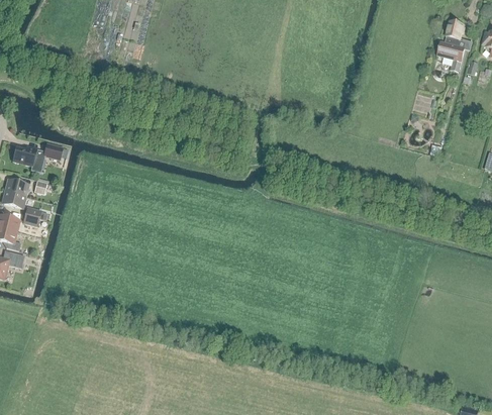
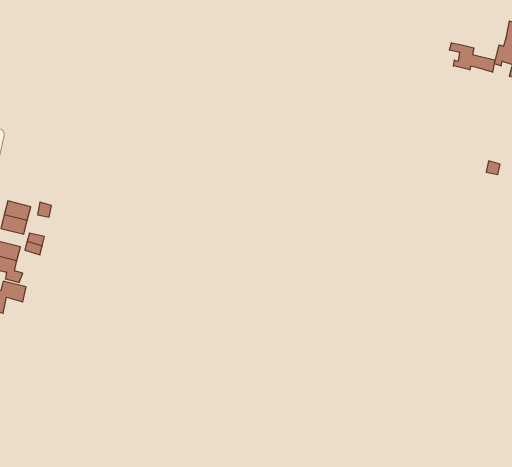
building: none -> [450,43,495,72]
building: [12,142,63,172] -> none

